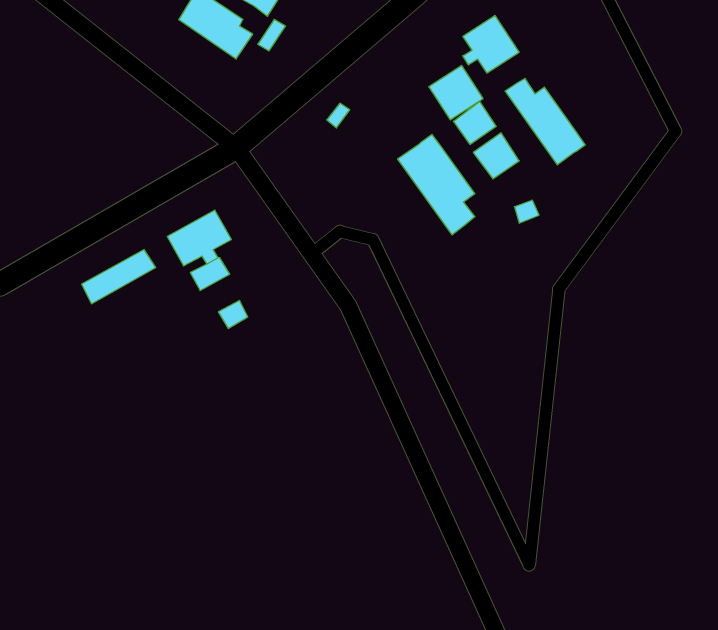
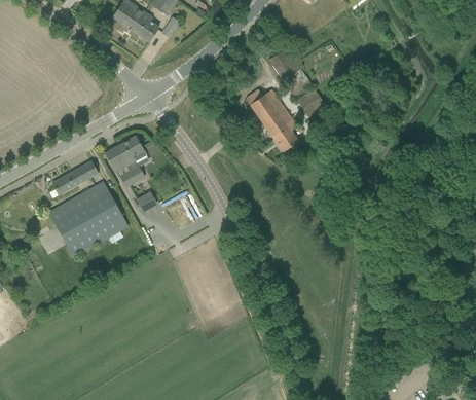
building: [463,15,519,73] -> none
building: [505,78,585,165] -> none
building: none -> [48,182,127,257]

